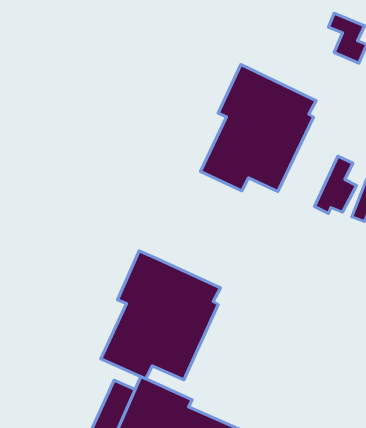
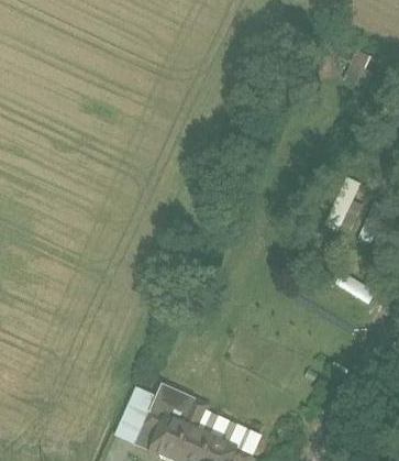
building: [200,65,316,192] -> none
building: [101,251,221,380] -> none

